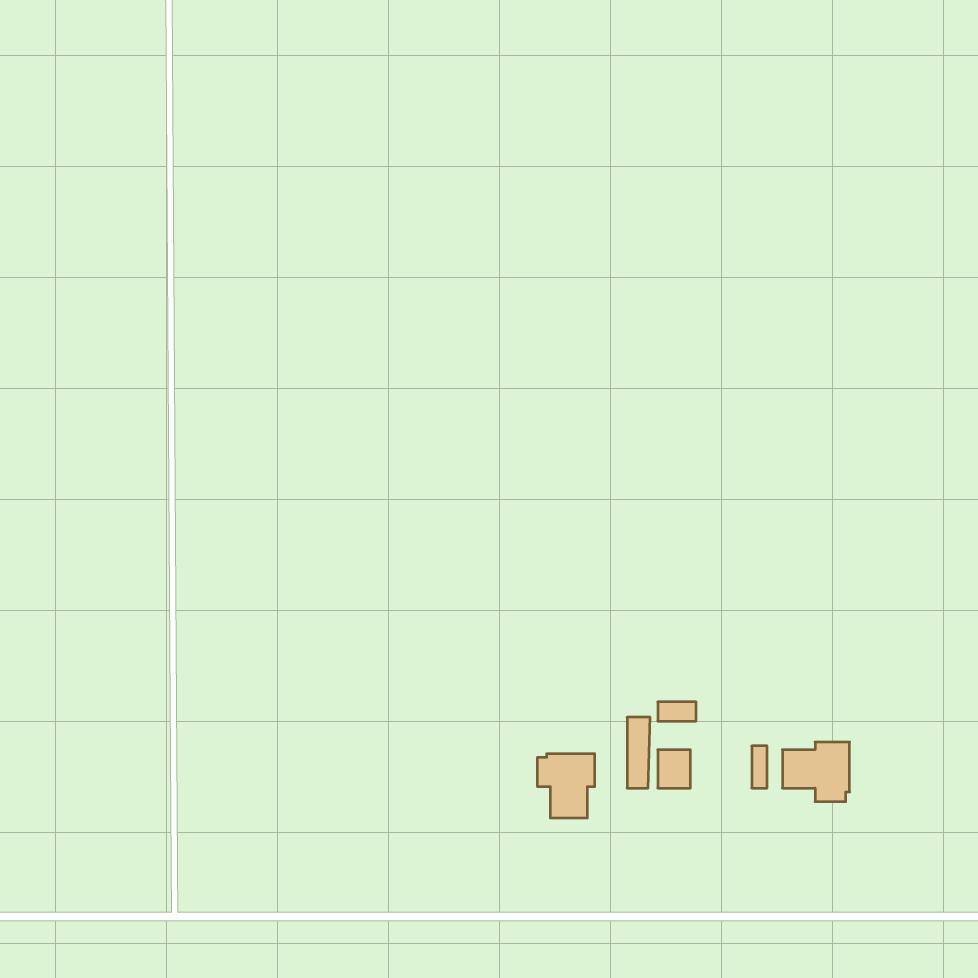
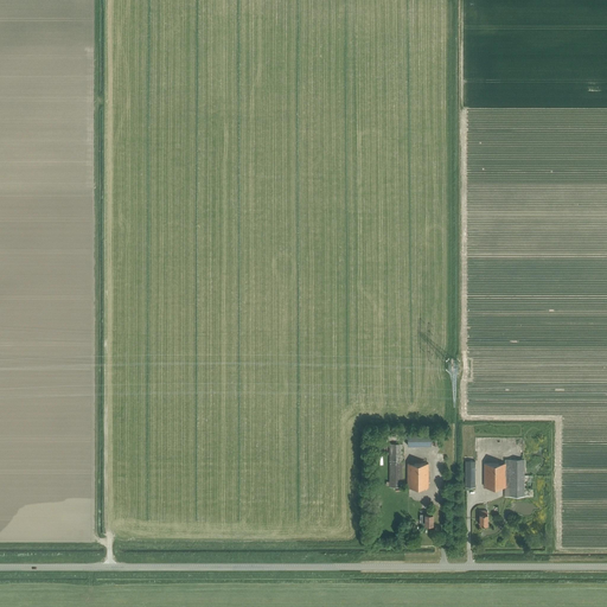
building: [538,754,595,818] -> none

